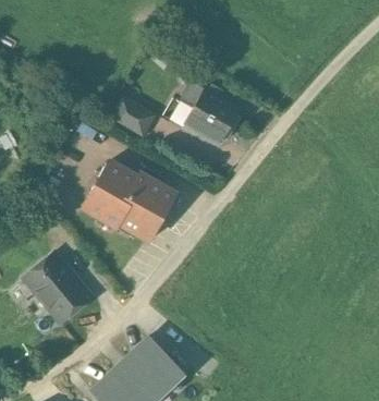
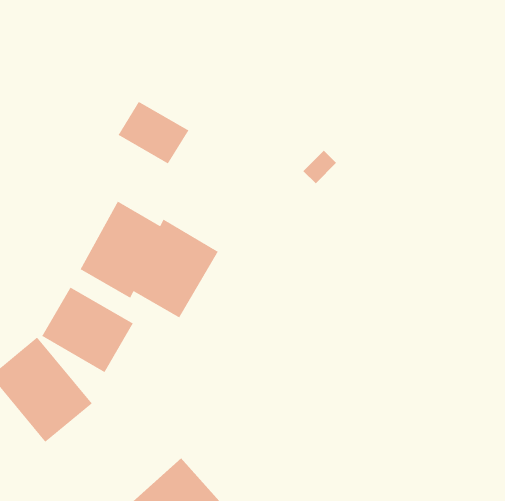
building: [170,88,239,144] -> none
building: none -> [41,286,134,373]

